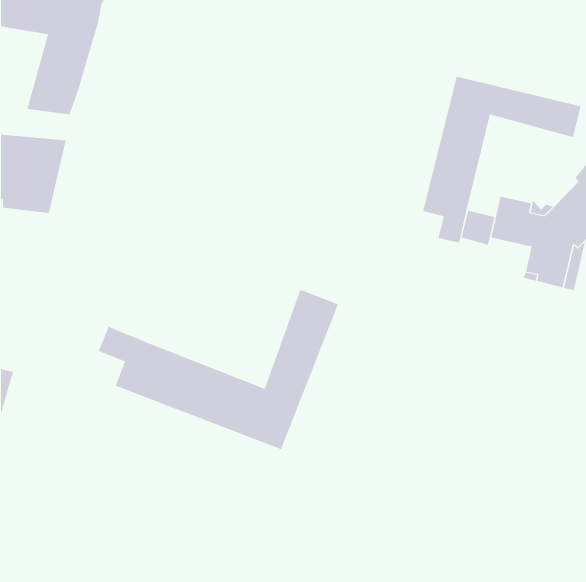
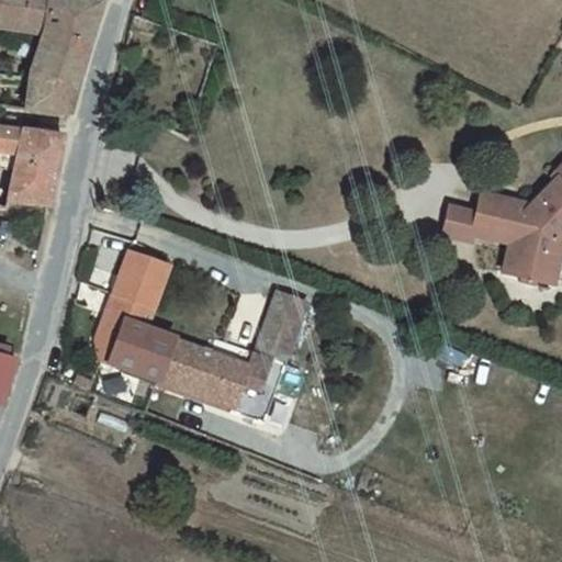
building: [423,76,581,243] -> none
building: none -> [104,250,167,328]

